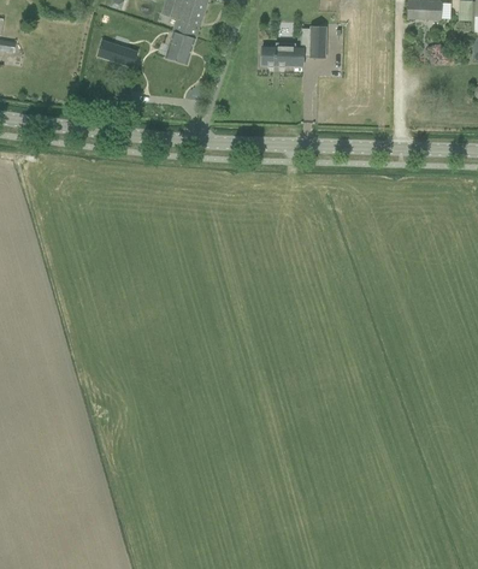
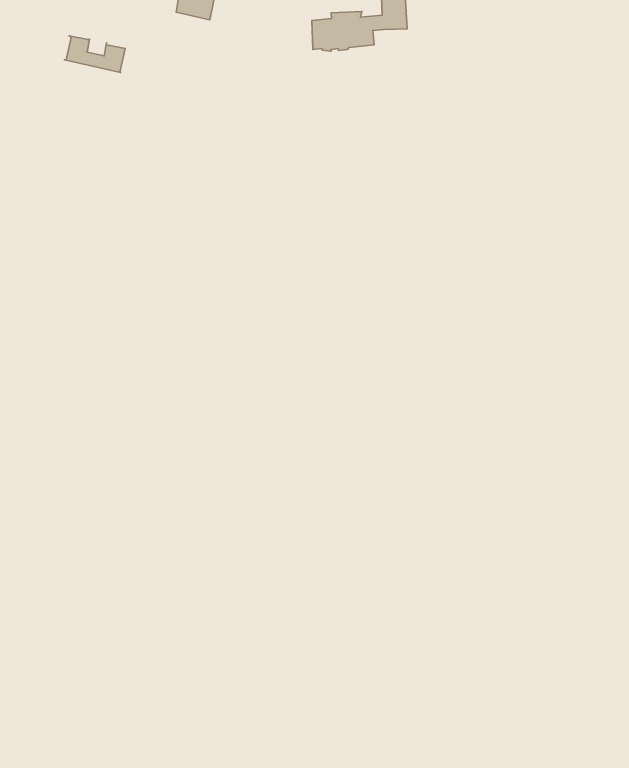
building: [166,30,196,64] -> none

